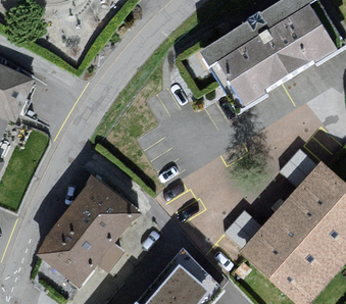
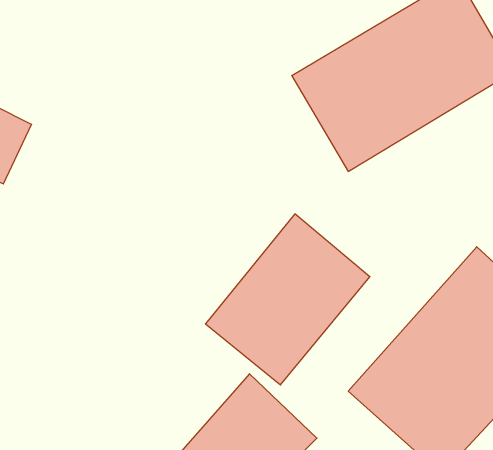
building: [37,180,144,291] -> [205,214,370,385]

